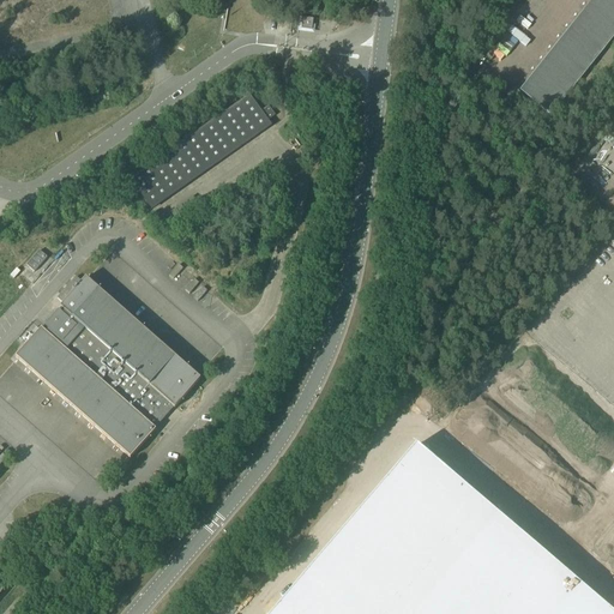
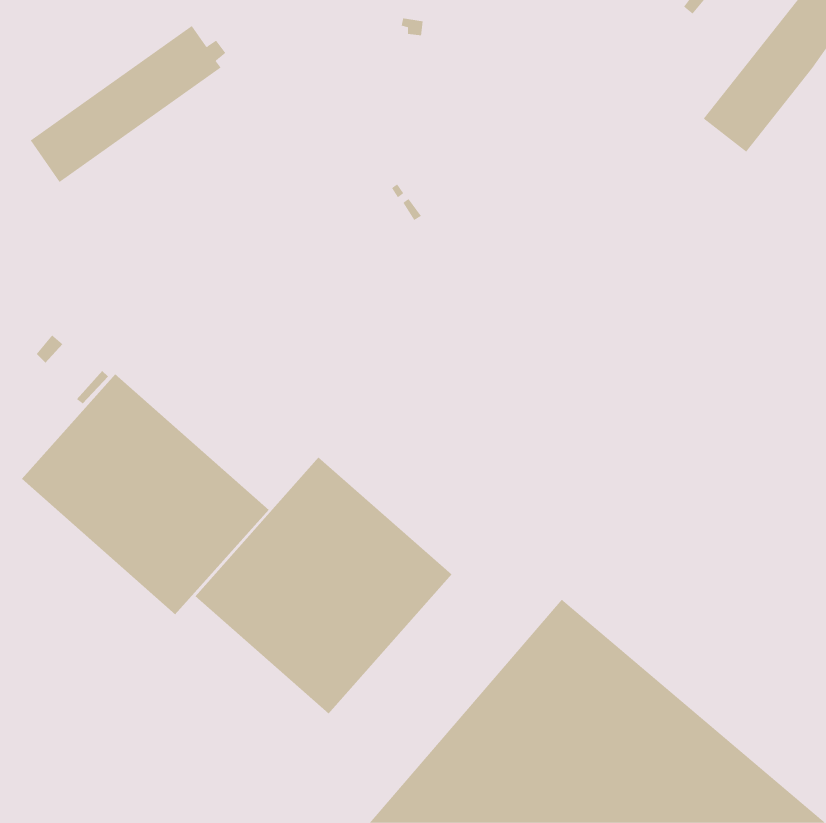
building: [132,91,277,207] -> [30,25,226,183]
building: none -> [195,456,452,714]

